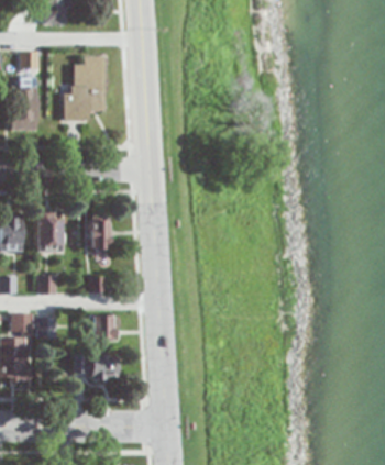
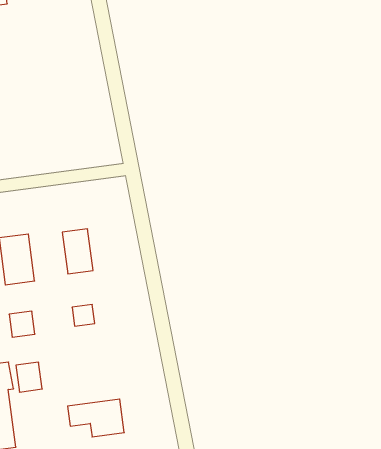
building: [63,56,106,122] -> none
building: [94,314,116,339] -> none

